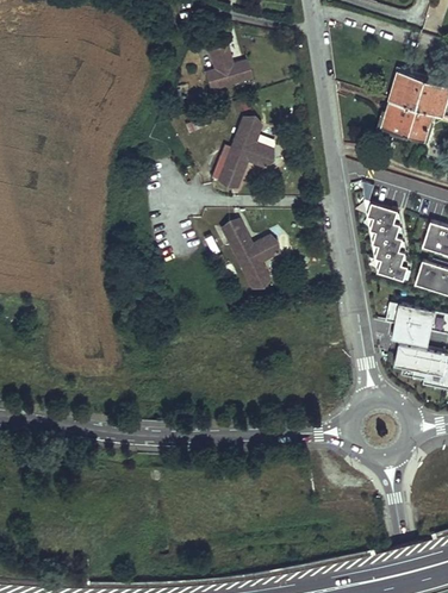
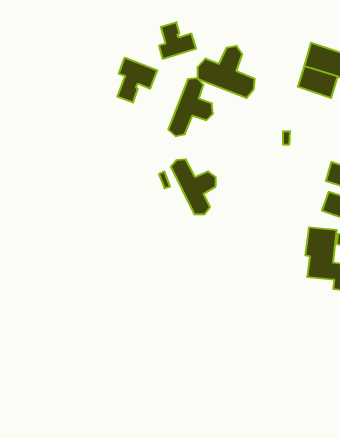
building: none -> [198,46,254,98]
building: none -> [118,58,157,103]
building: [363,205,406,282] -> none

